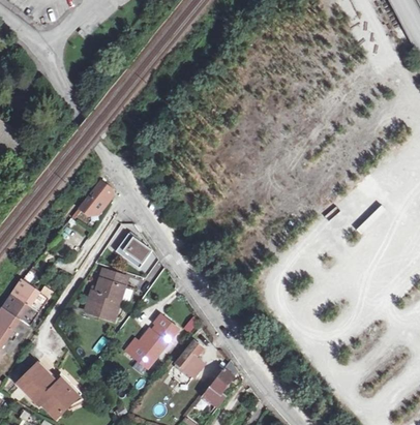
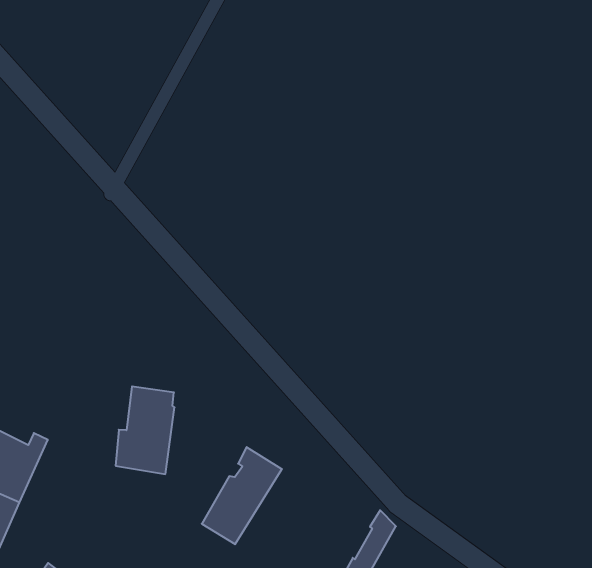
building: [78,179,113,214] -> none
building: [114,231,151,267] -> none
building: [175,341,203,376] -> none

